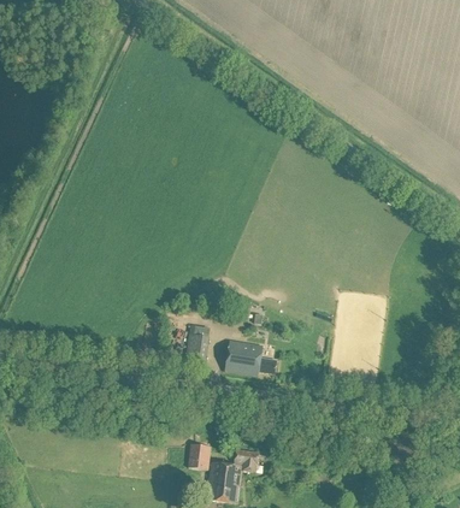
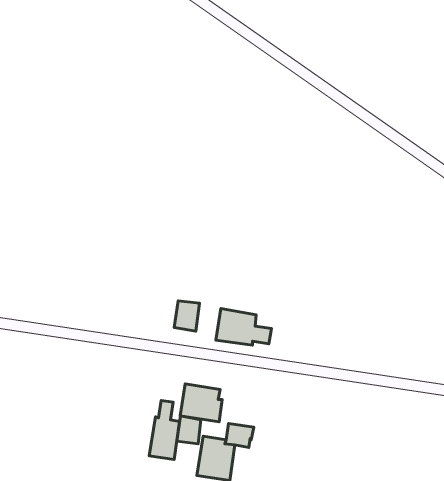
building: none -> [180,384,222,422]
building: none -> [149,400,179,460]

